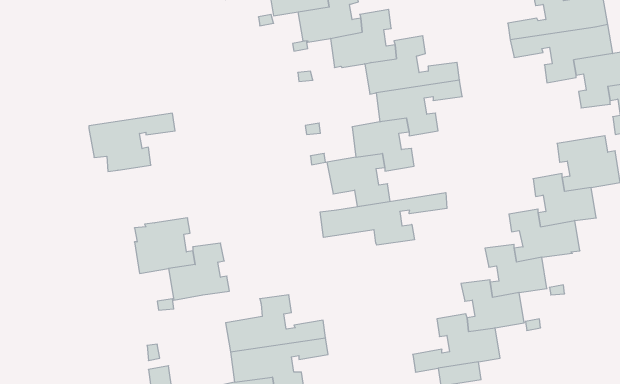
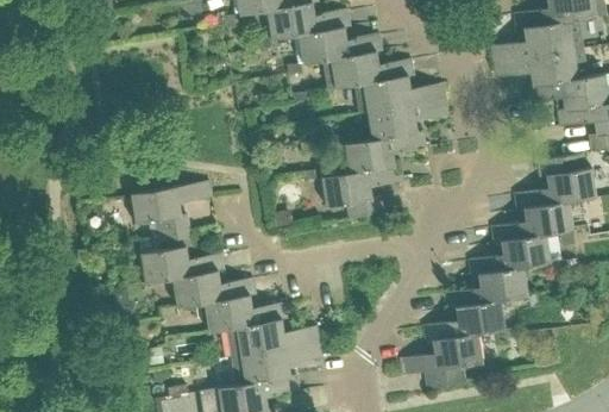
building: [89,113,175,171] -> [132,181,213,236]
building: [320,193,447,245] -> none
building: none -> [205,277,260,331]

